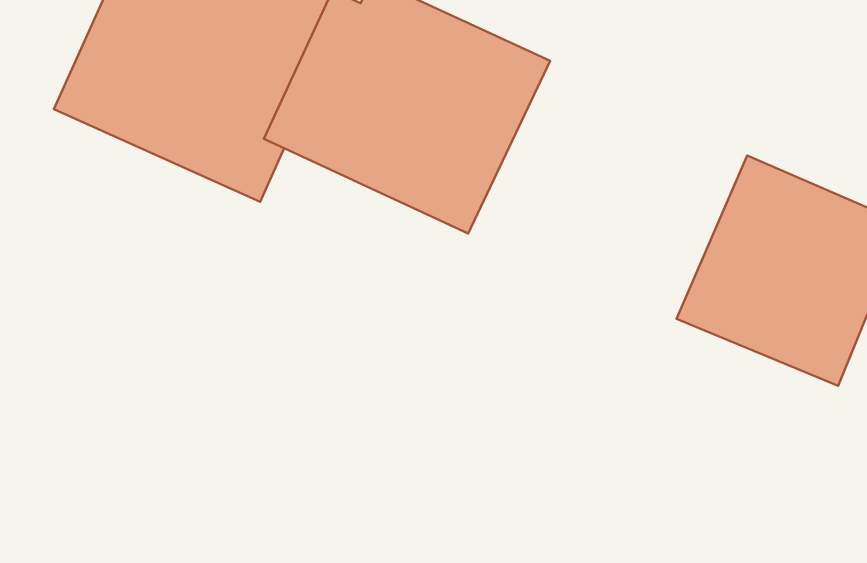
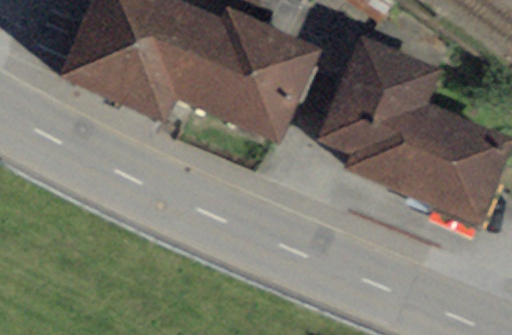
building: none -> [317,35,443,189]

